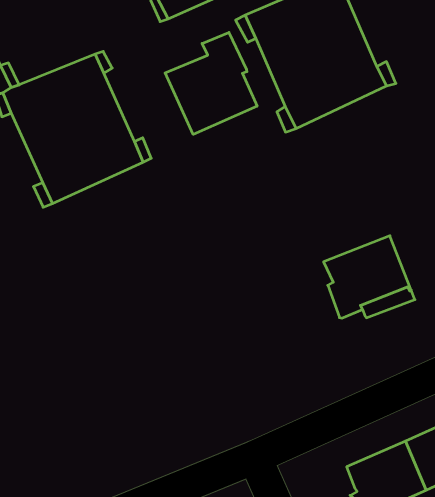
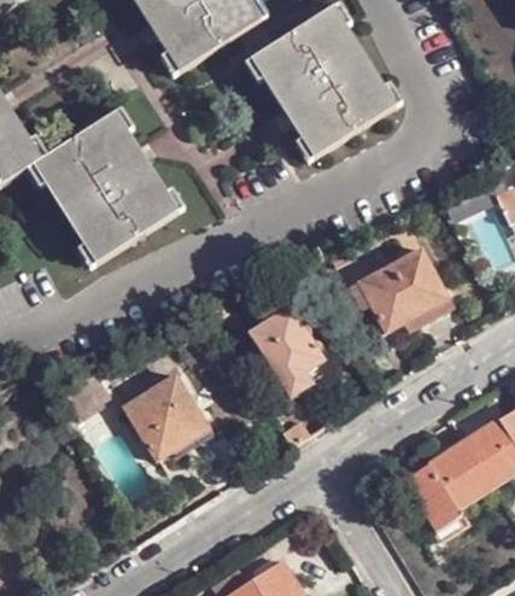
building: [165,32,257,134] -> none
building: none -> [253,308,332,397]
building: none -> [123,373,210,458]

